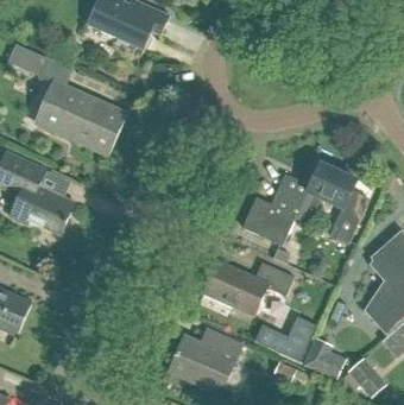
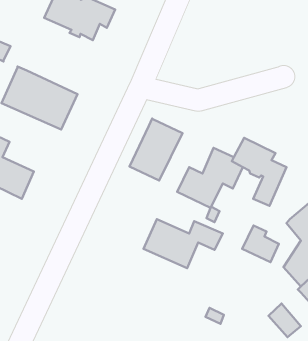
building: none -> [130,118,182,181]
building: [273,323,305,360] -> none
building: [168,333,241,393] -> none
building: [303,336,346,379] -> [242,225,279,262]

